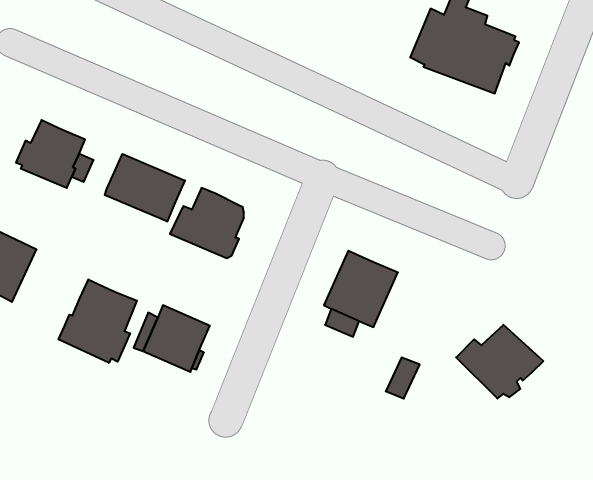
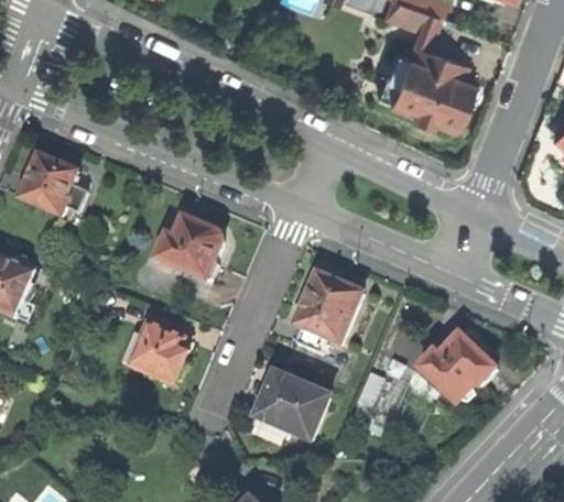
building: [105,154,185,222] -> none
building: [59,279,137,363] -> none
building: none -> [254,369,330,436]

